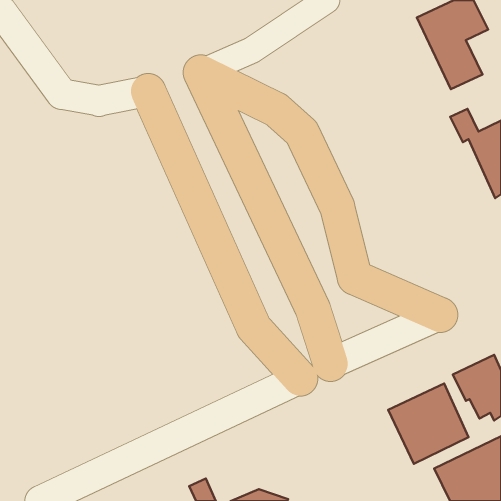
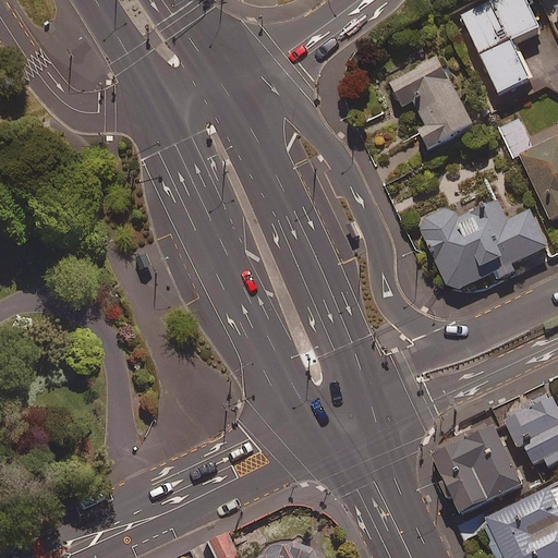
building: none -> [388,56,473,149]
building: none -> [422,197,549,289]

